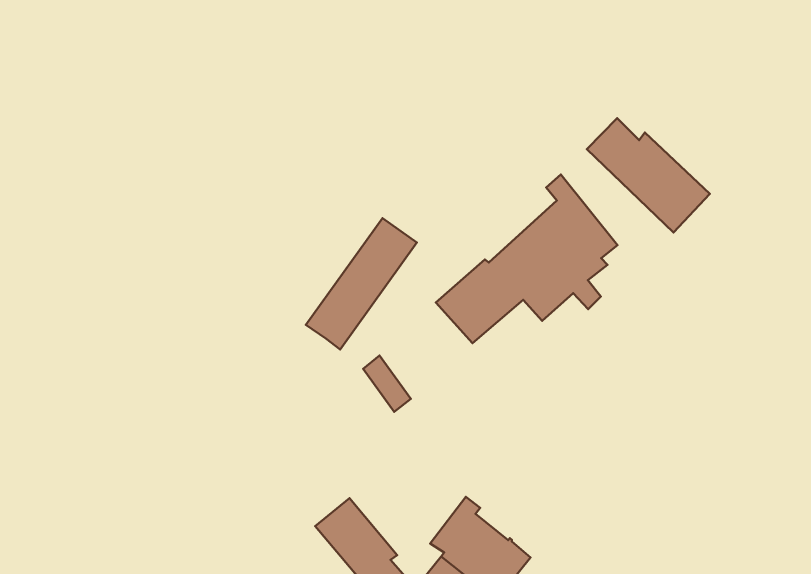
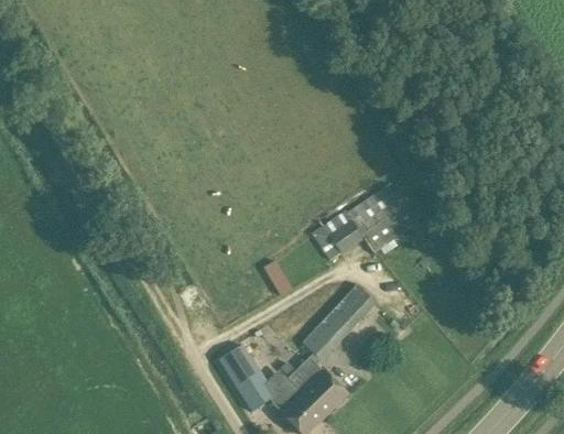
building: [587,118,710,233] -> none
building: [306,218,417,349] -> [302,284,376,360]

